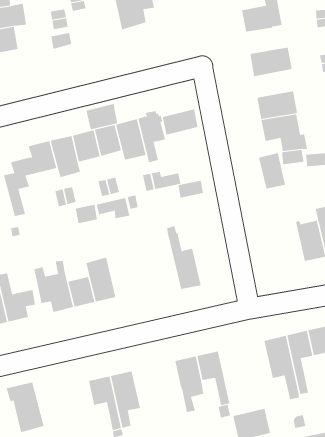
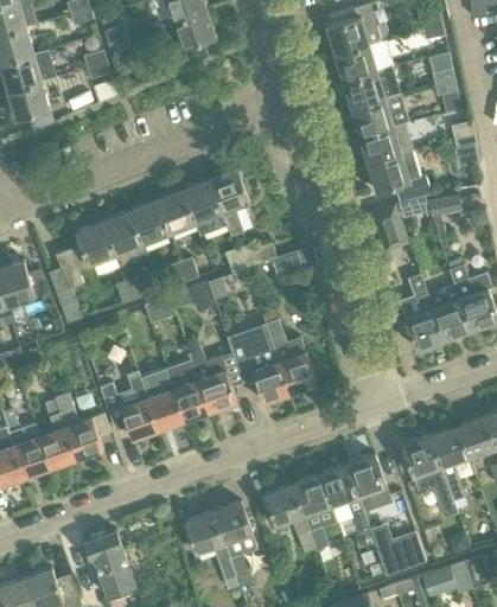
building: none -> [336,46,378,83]
building: none -> [352,96,409,138]
building: [86,103,118,130] -> none
building: [162,109,198,135] -> none
building: none -> [406,275,444,349]
building: none -> [231,324,291,402]
building: none -> [186,339,236,411]
building: none -> [348,455,390,530]
building: none -> [266,484,316,552]

